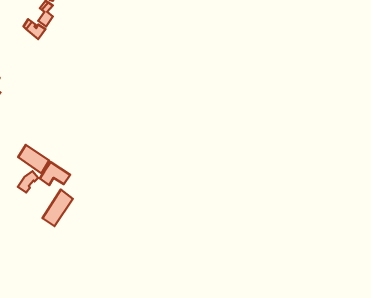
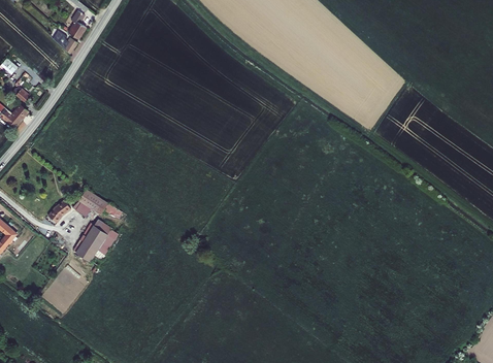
building: [18,145,49,173] -> none

